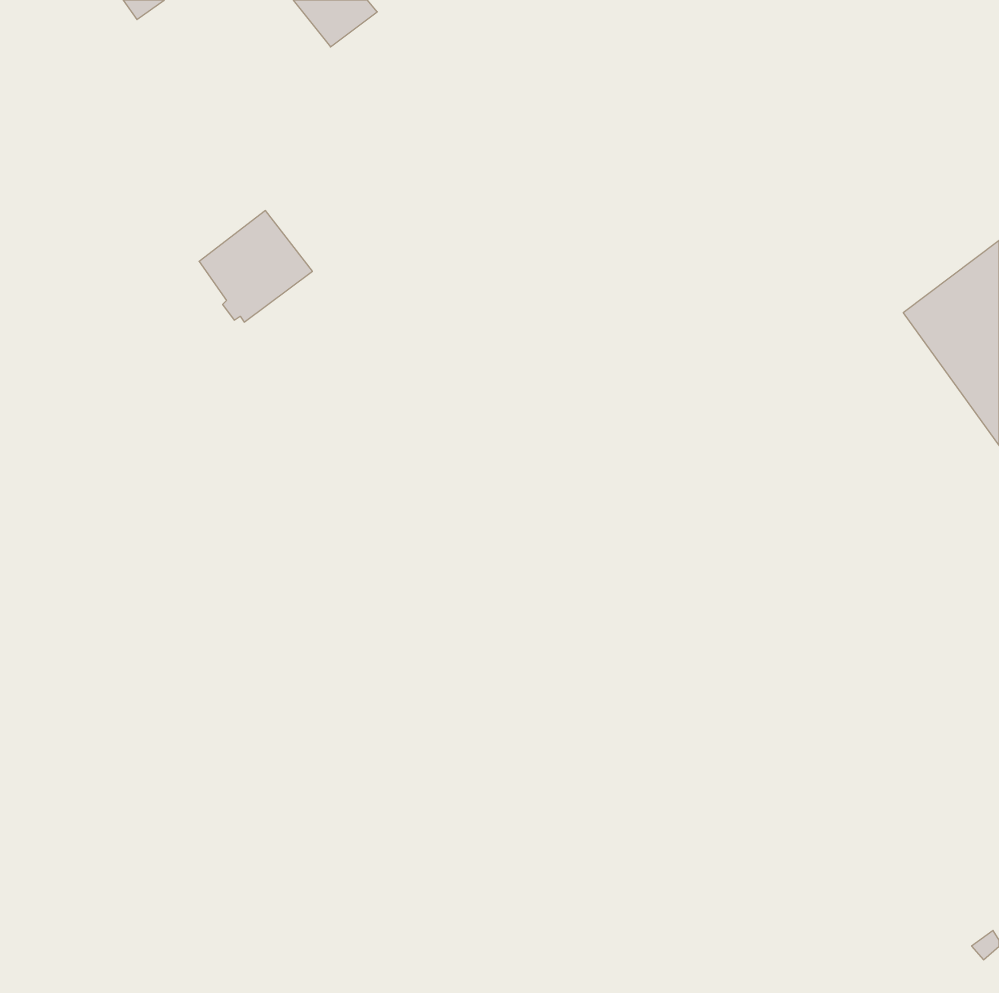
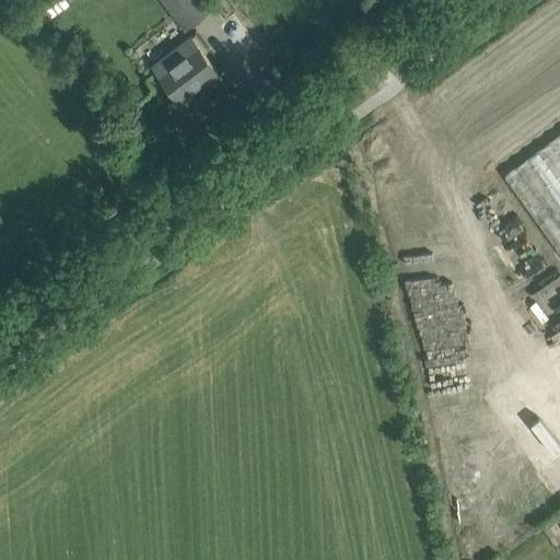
building: [199,211,312,322] -> [154,39,218,102]

